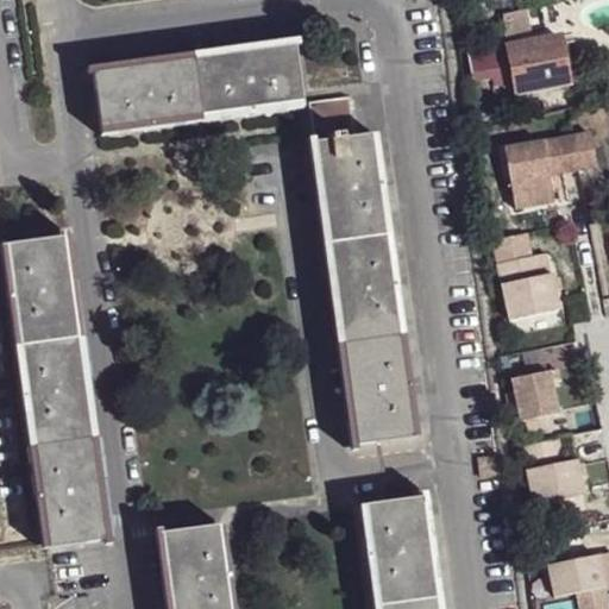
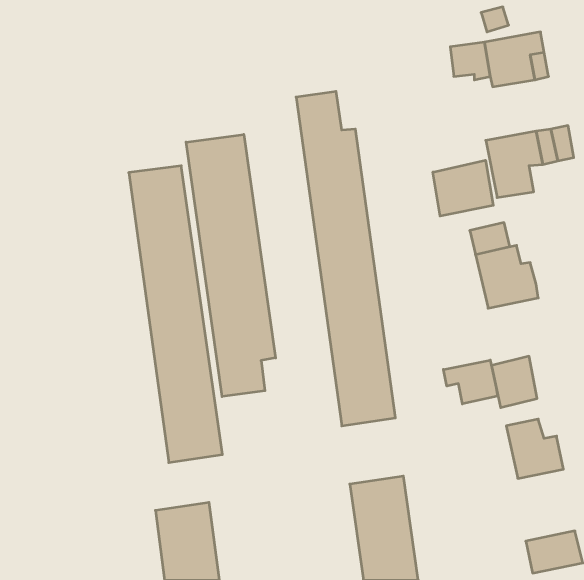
building: [93,44,302,128] -> none
building: none -> [186,134,276,397]
building: none -> [433,160,493,216]
building: [7,237,105,546] -> [129,166,222,463]
building: none -> [443,360,498,404]

